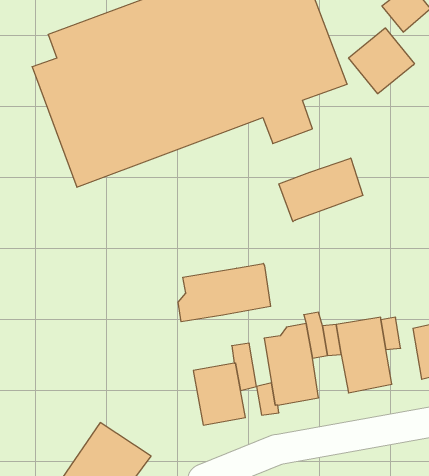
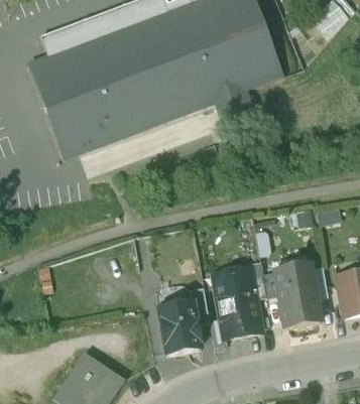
building: [349,28,414,94] -> none
building: [279,158,363,222] -> none
building: [178,263,271,322] -> none

